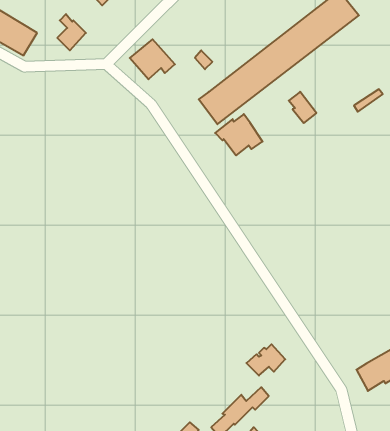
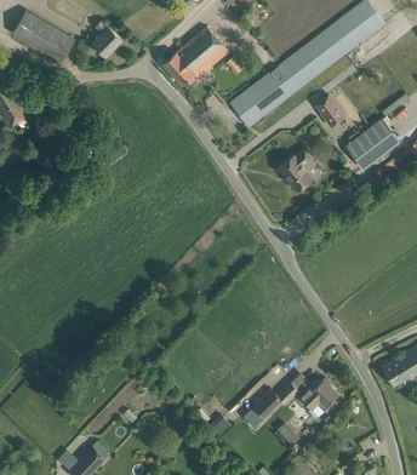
building: none -> [184,27,228,69]
building: [215,114,263,155] -> [275,150,321,190]
building: none -> [344,118,400,170]
building: [246,344,285,376] -> [298,378,336,408]

